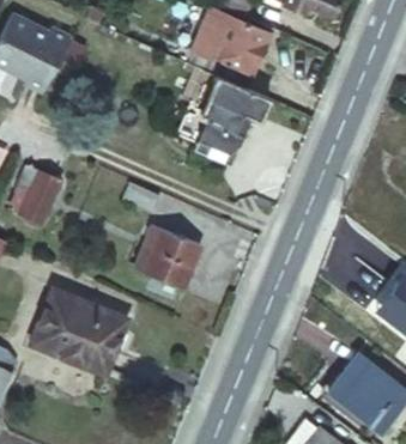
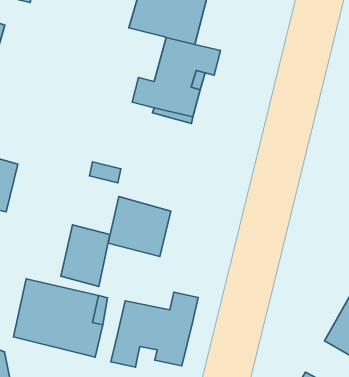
building: none -> [61,225,110,287]
building: none -> [111,292,198,367]

